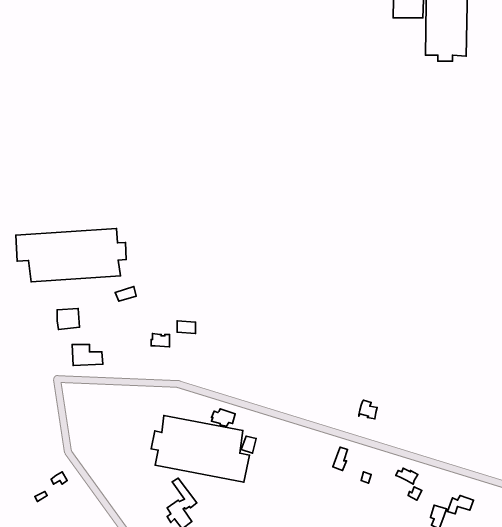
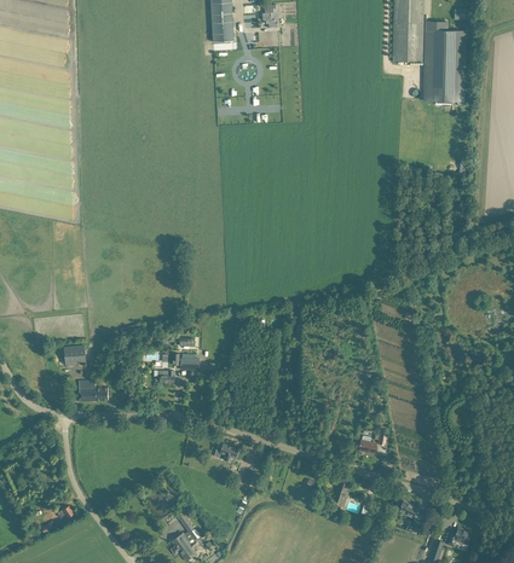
building: [16,229,126,282] -> none
building: [151,416,250,482] -> none

